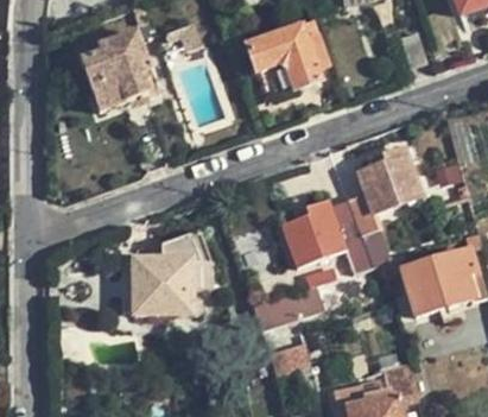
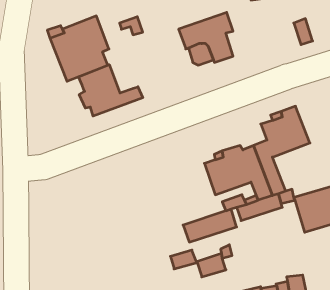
building: none -> [79,65,143,116]
building: [122,228,213,314] -> none

